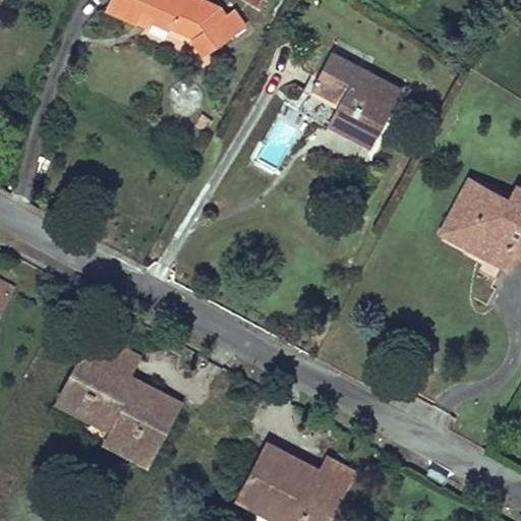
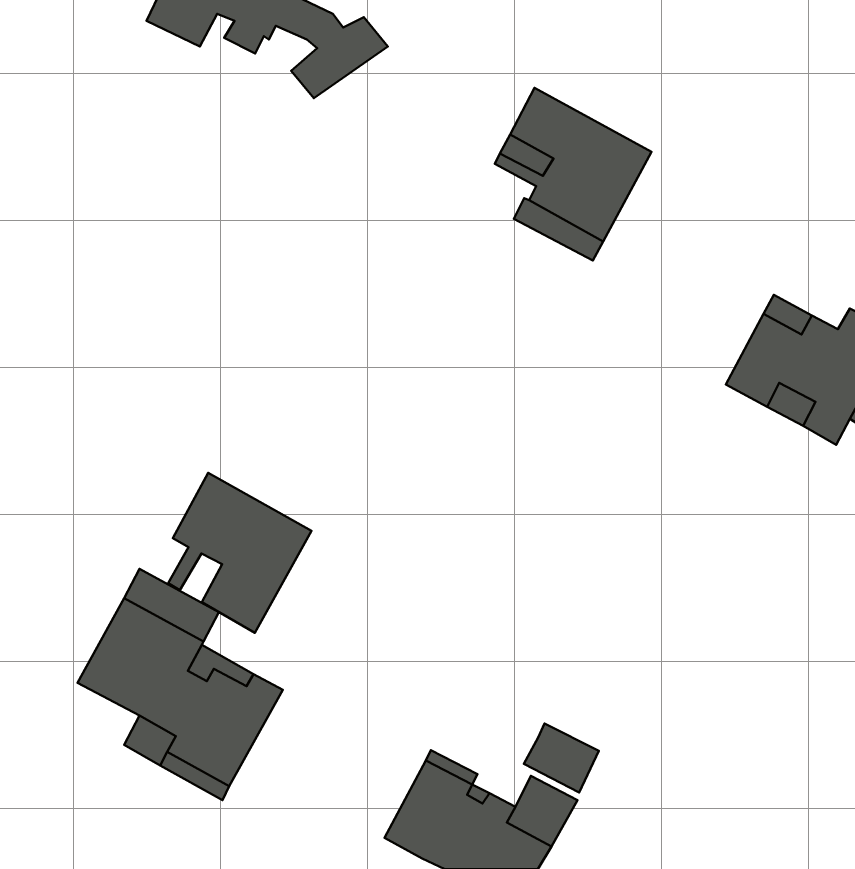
building: none -> [168,473,312,633]
building: none -> [524,724,599,793]

